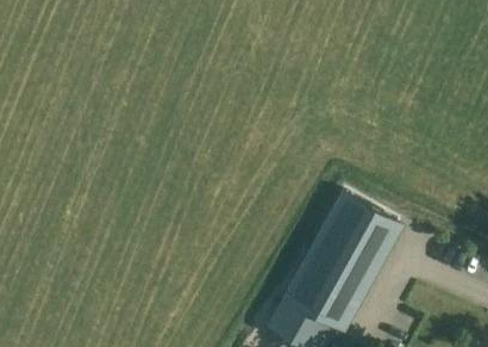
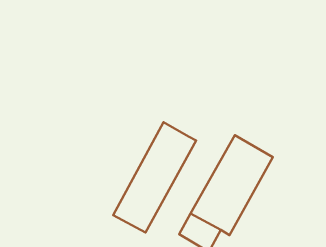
building: none -> [113,122,196,233]

